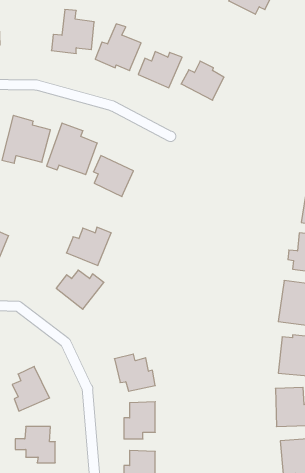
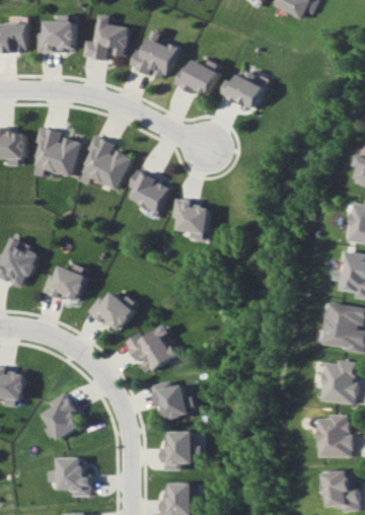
building: none -> [38,15,74,52]
building: none -> [171,200,210,240]
building: [66,227,111,265] -> [42,264,89,304]
building: none -> [125,325,179,372]

